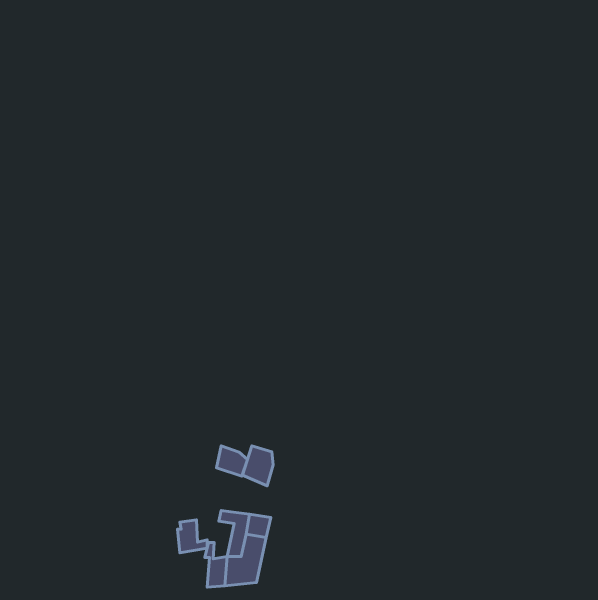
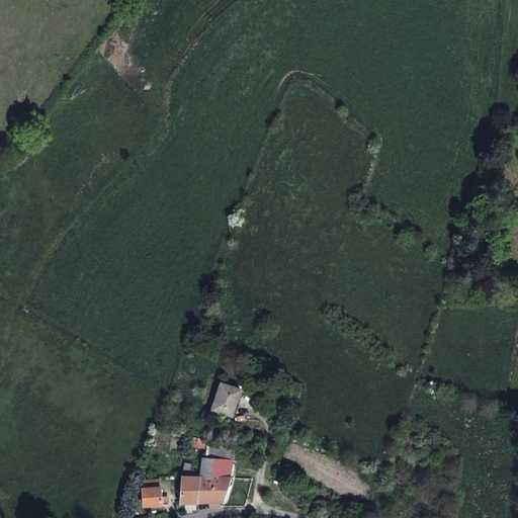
building: [216,446,248,476] -> none
building: [178,520,207,553] -> [142,482,167,510]

